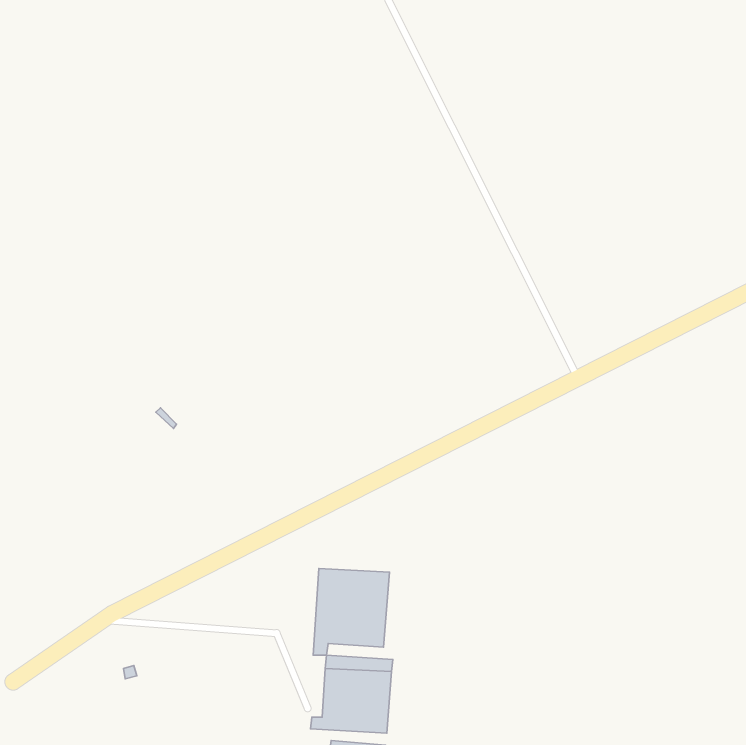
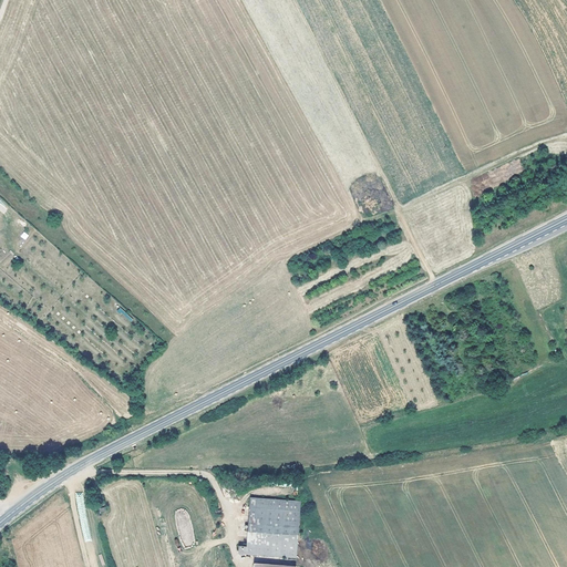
building: [313,568,390,655] -> none

